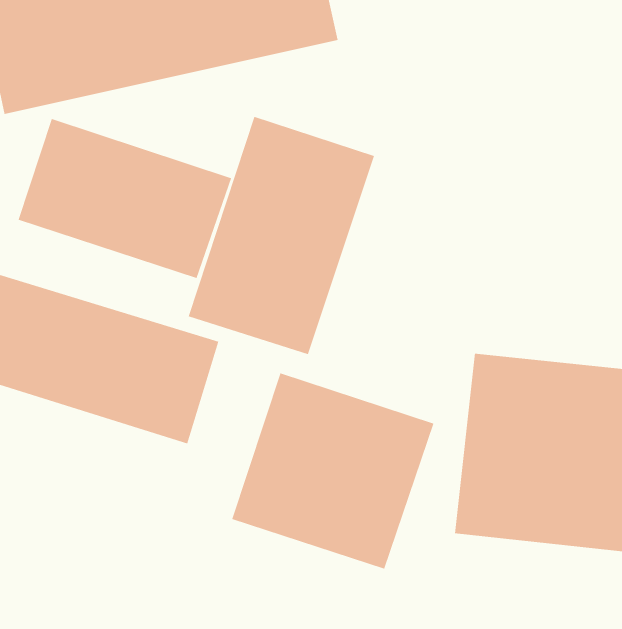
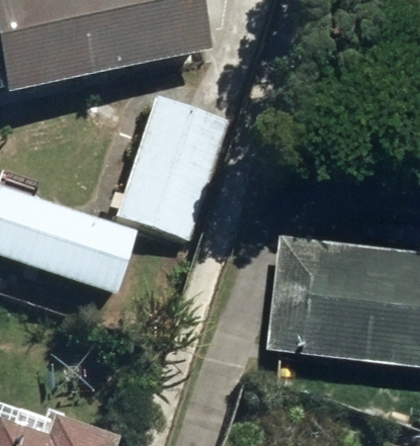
building: [18,118,232,279] -> none
building: [231,372,434,569] -> none

